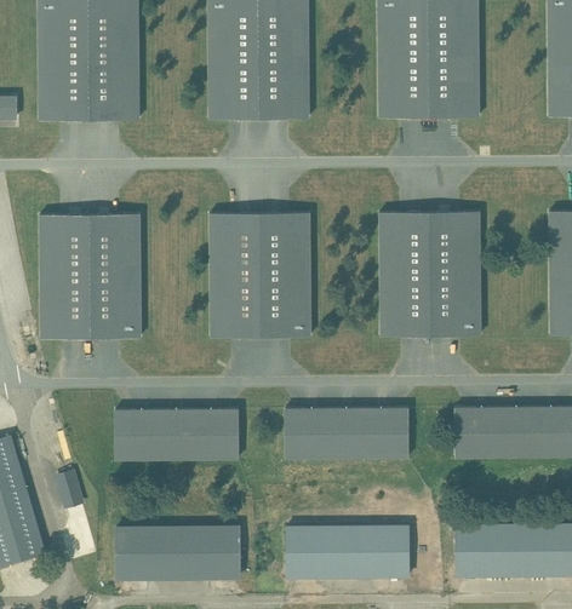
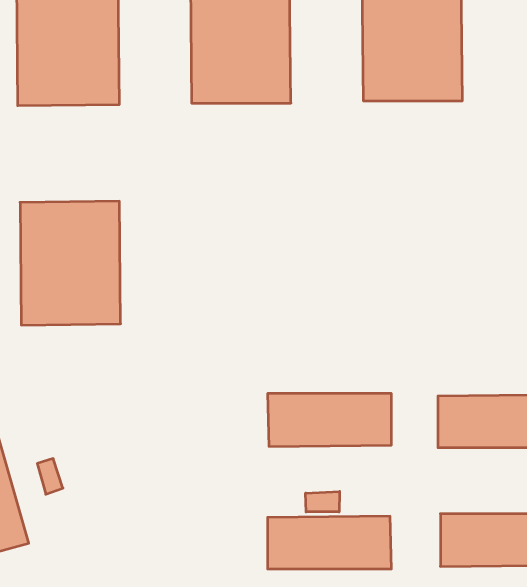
building: [211,211,310,333] -> none
building: [378,212,481,334] -> none
building: [116,408,239,460] -> none
building: none -> [306,491,340,512]
building: [116,525,238,578] -> none

